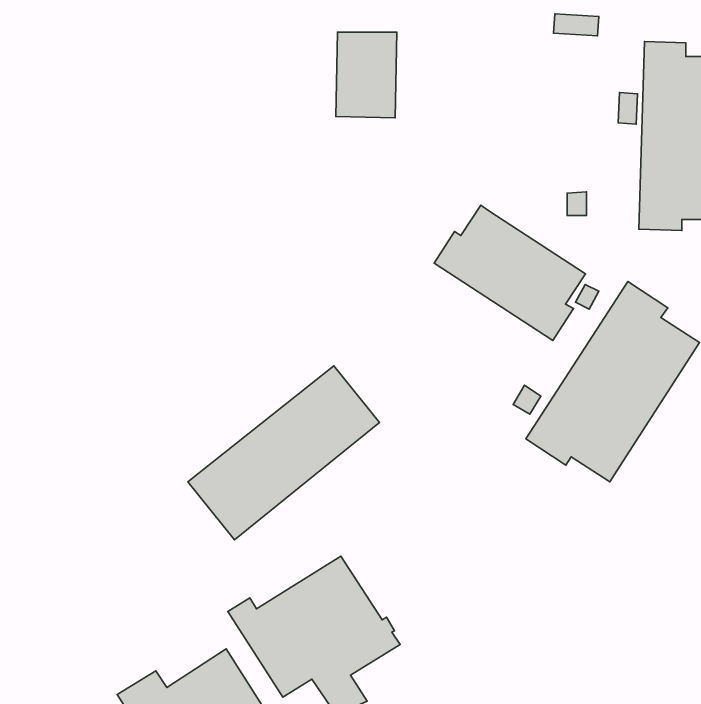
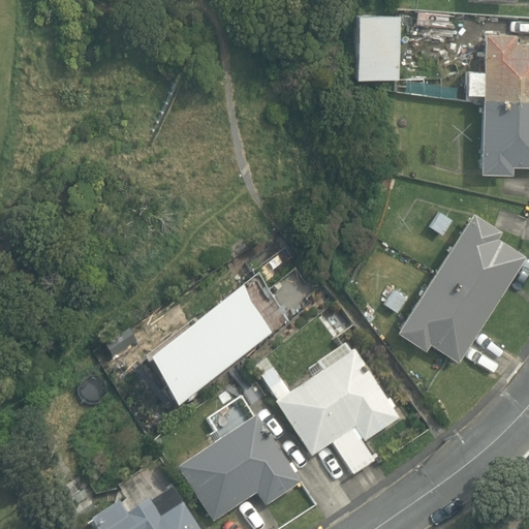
building: [336,32,397,118] -> [356,15,402,80]
building: [434,205,585,340] -> none
building: none -> [258,346,400,478]

